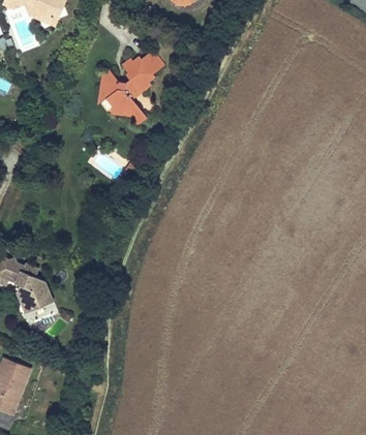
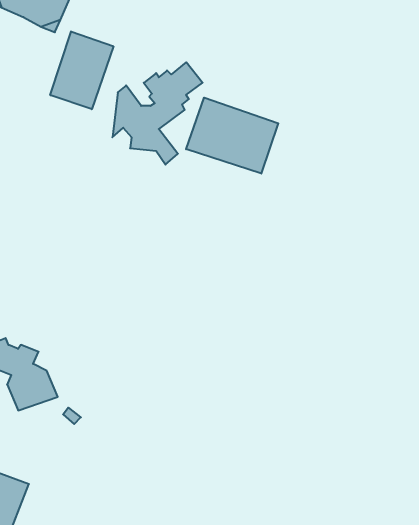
building: none -> [50,31,113,109]
building: none -> [186,98,278,174]

